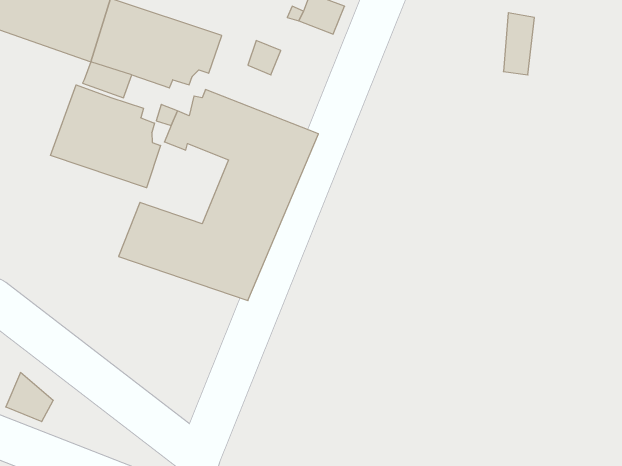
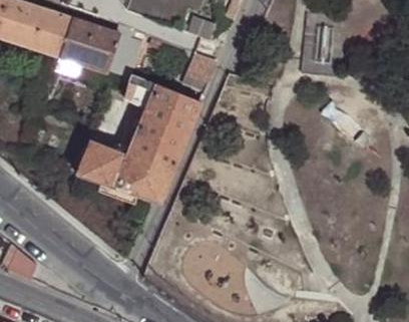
building: none -> [181,51,216,90]
building: [50,85,161,188] -> none

